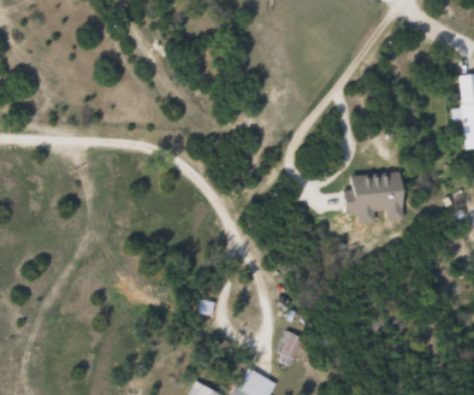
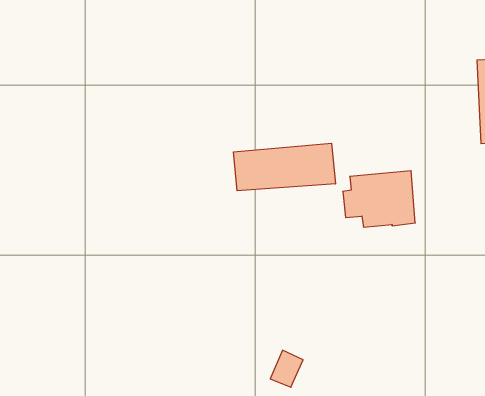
building: none -> [234,143,335,191]

